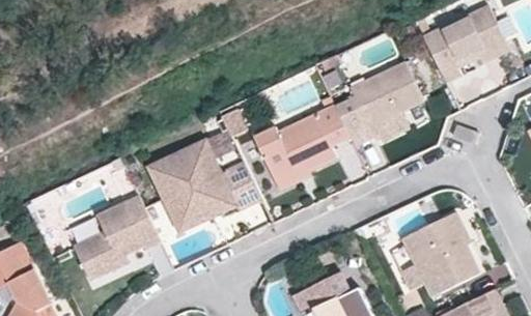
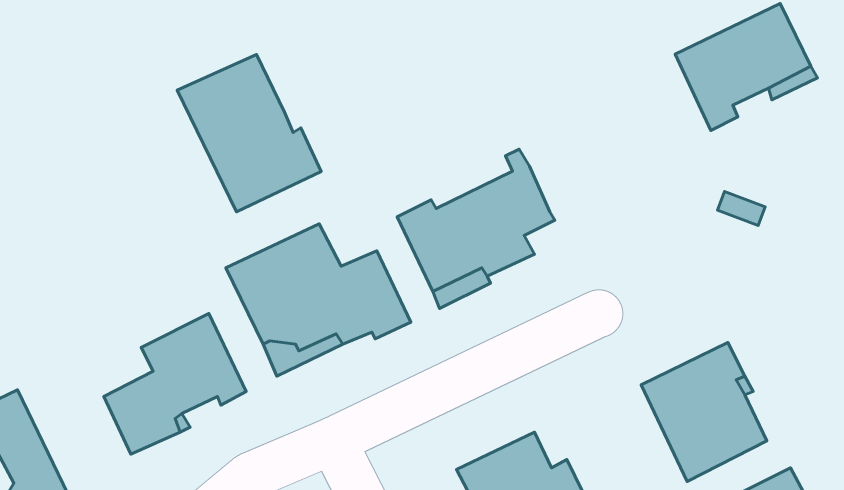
building: none -> [177,54,321,212]
building: [334,61,423,134] -> none

